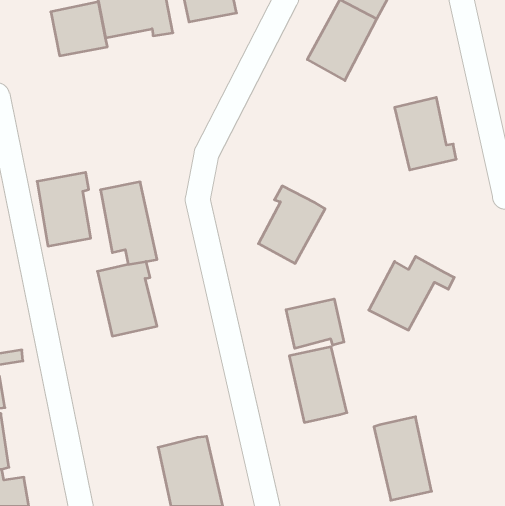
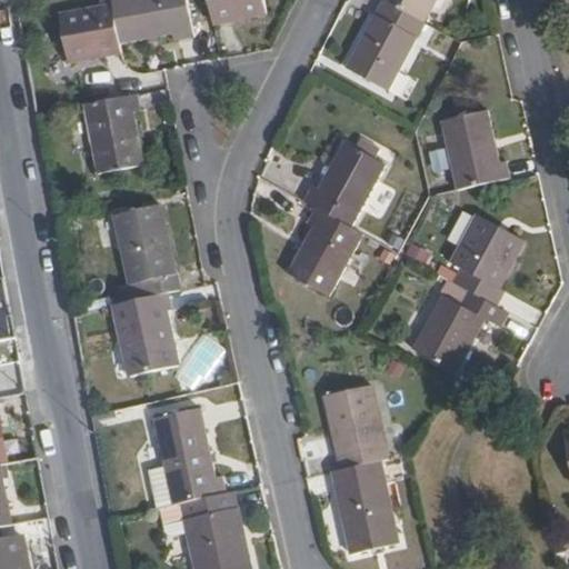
building: none -> [302,140,386,227]
building: [37,172,91,246] -> [80,92,140,174]
building: none -> [452,211,523,305]
building: [286,299,344,348] -> none
building: none -> [151,407,221,501]
building: [374,417,432,500] -> [333,463,398,557]

